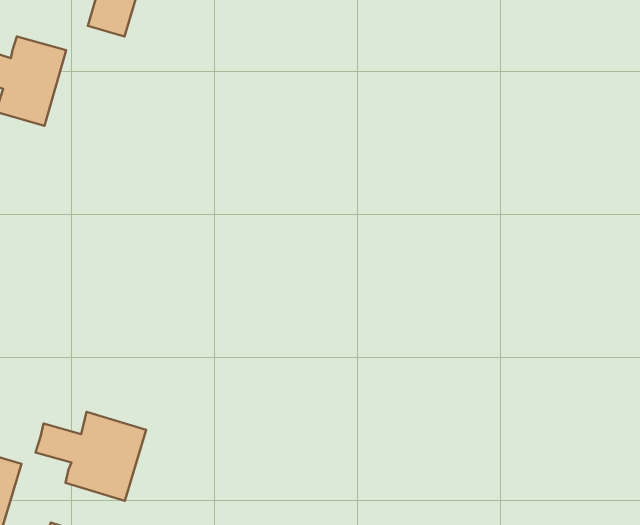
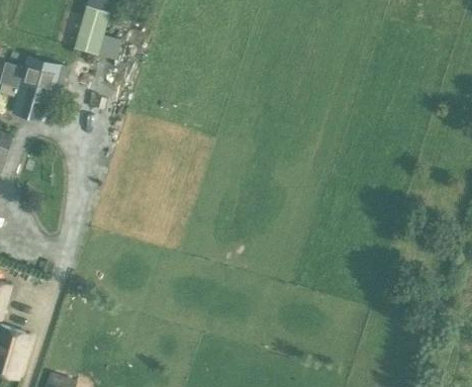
building: [35,412,146,501] -> none

